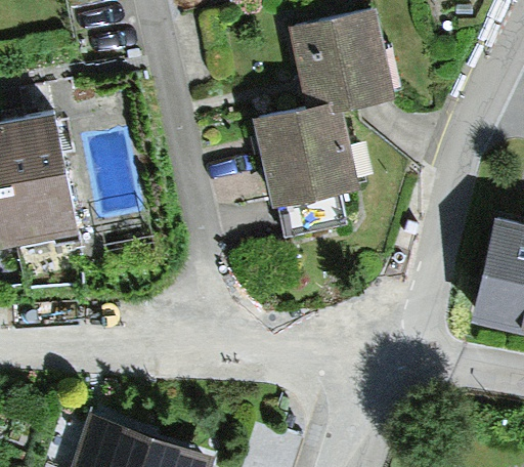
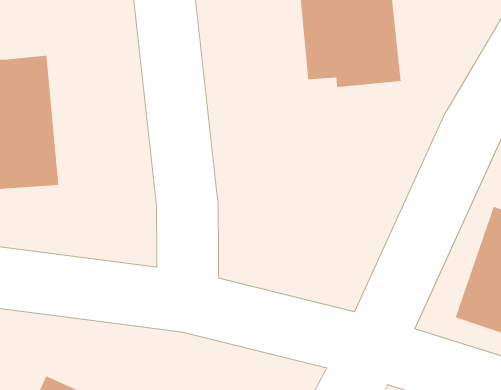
building: [254,101,366,205] -> none

